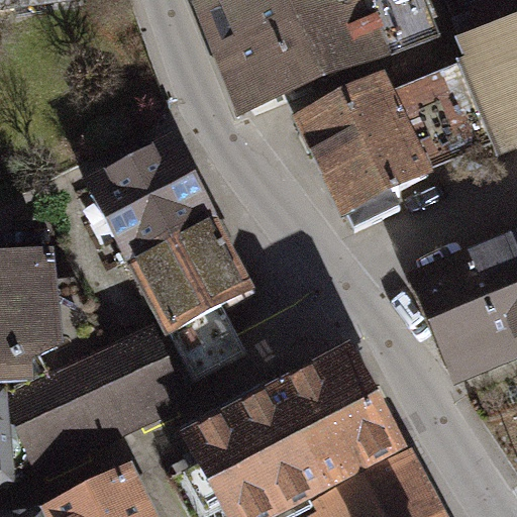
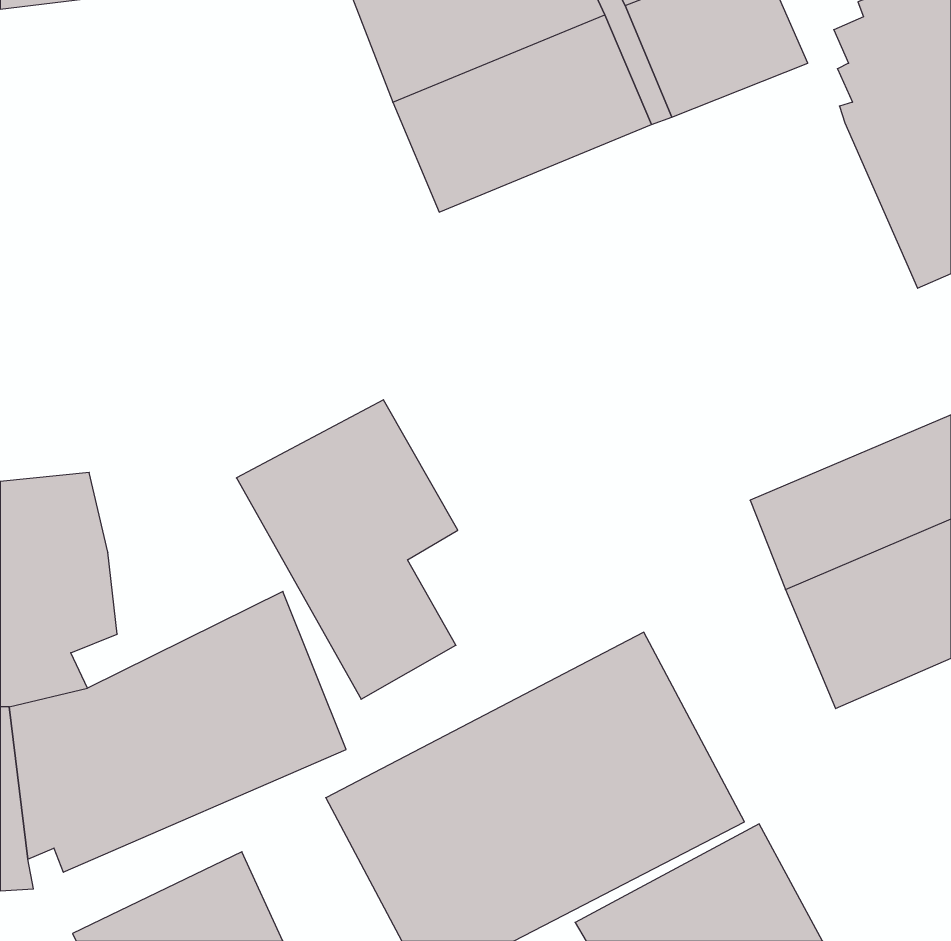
building: [296,67,491,224] -> none
building: [84,128,219,260] -> none

